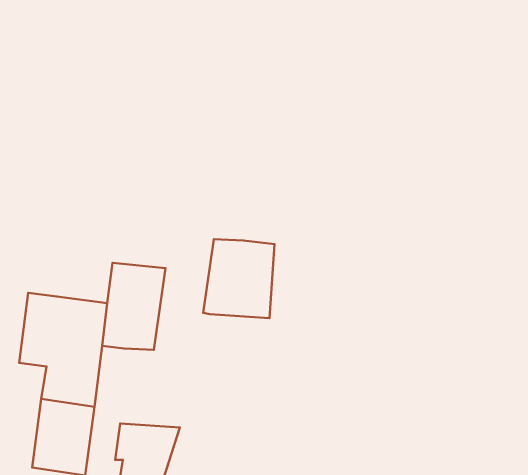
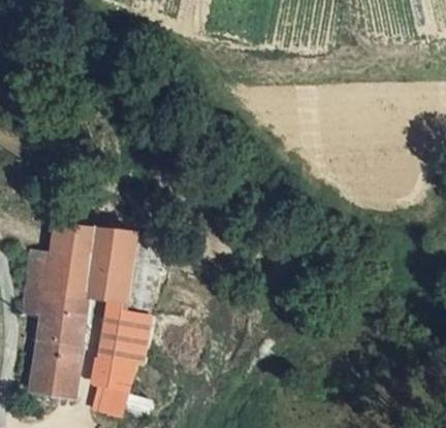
building: [203,239,275,318] -> [95,298,152,361]
building: none -> [50,225,94,262]

